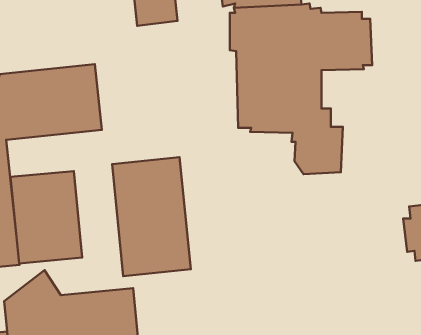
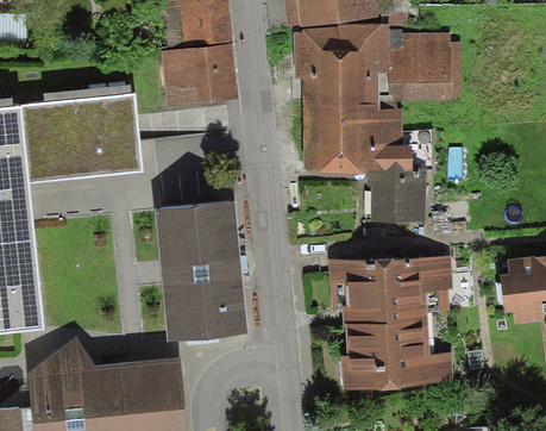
building: none -> [162,42,237,104]
building: [11,171,82,264] -> none
building: none -> [330,252,452,389]

